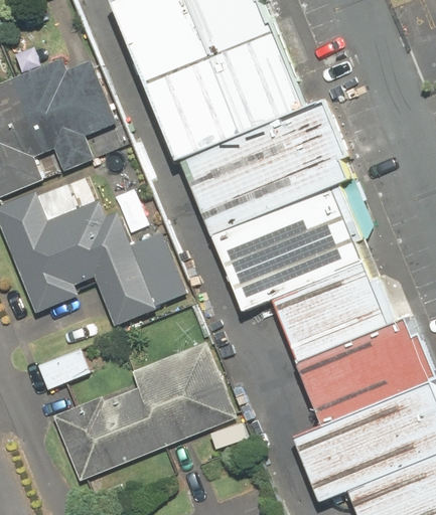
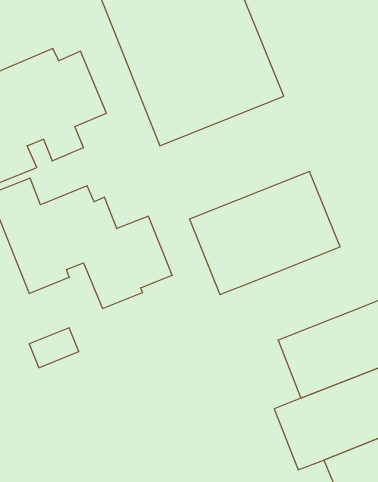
building: [174,98,355,234] -> none
building: [274,264,389,362] -> none
building: [52,340,238,482] -> none

